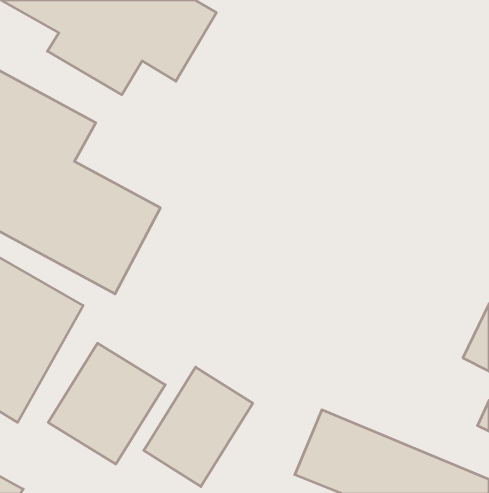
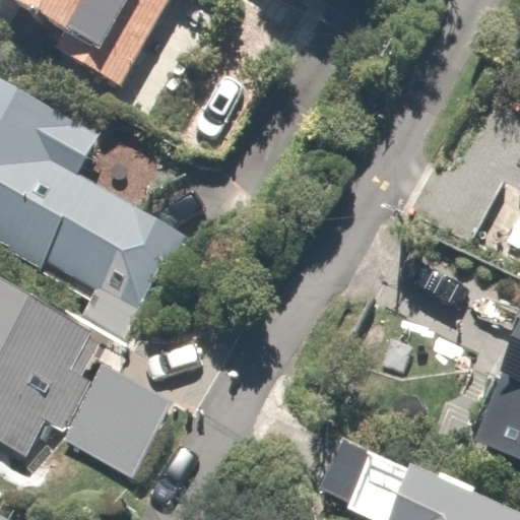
building: [144,367,253,487] -> none

